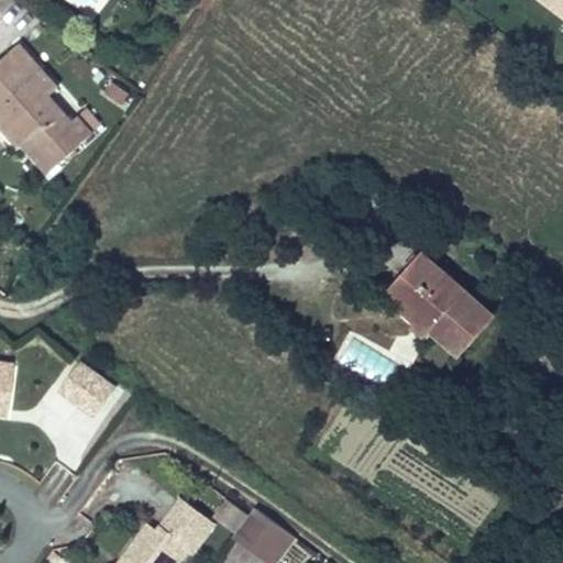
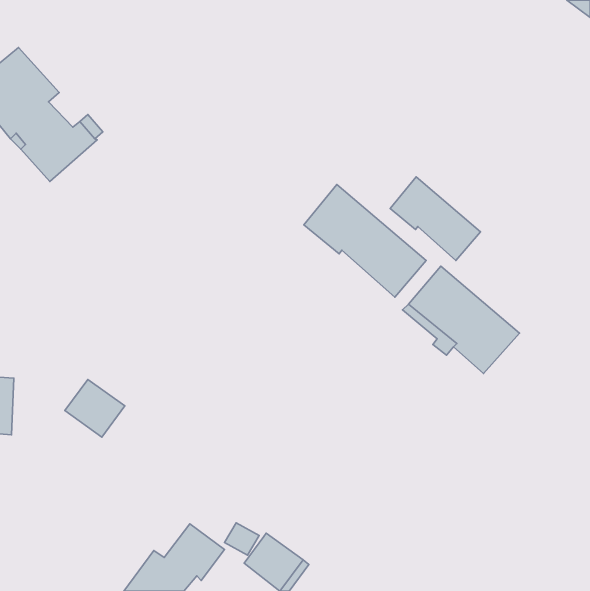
building: none -> [390,177,480,261]
building: none -> [304,184,426,297]

